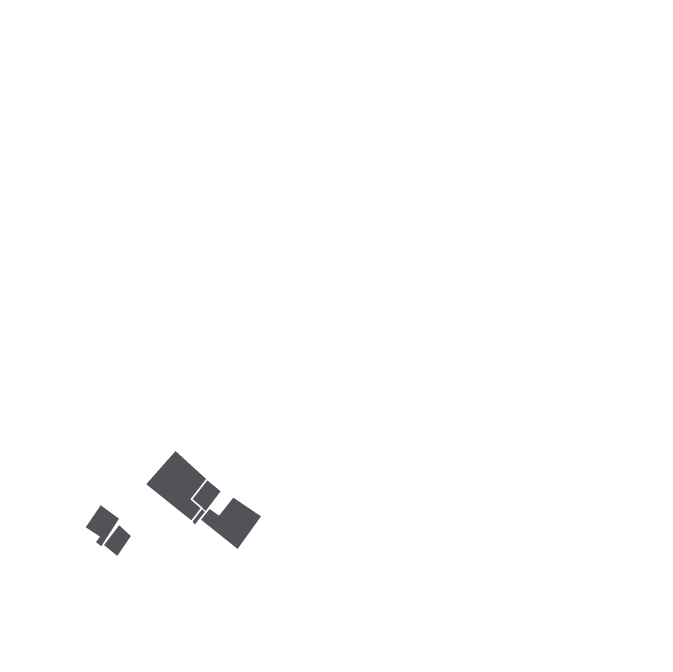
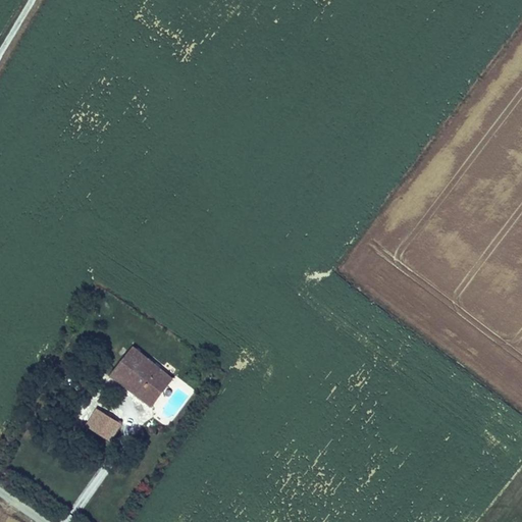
building: [200,496,262,550] -> none
building: [84,504,120,547] -> [91,412,118,446]

